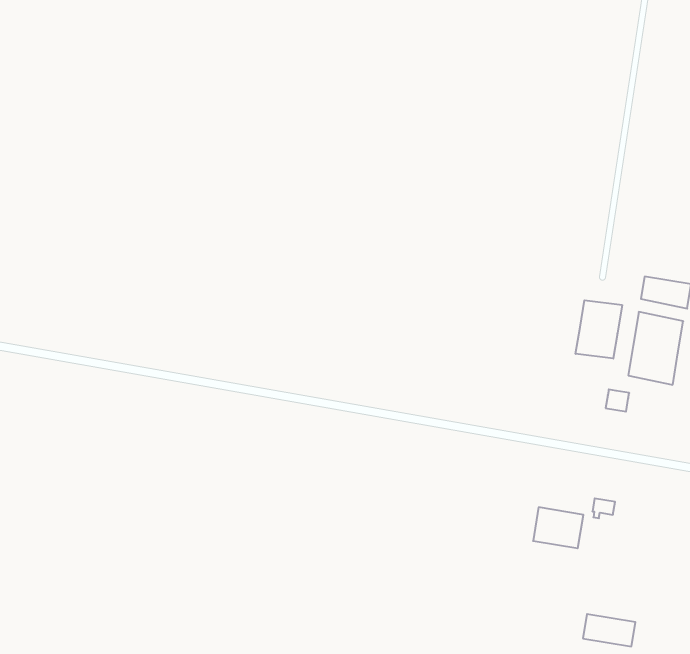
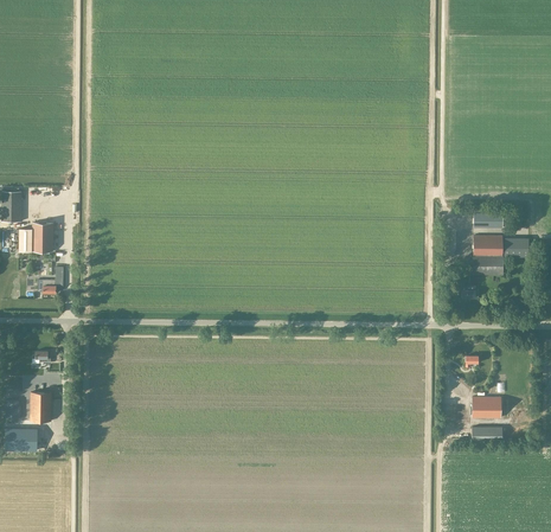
building: [576,300,622,359] -> none
building: [533,507,583,548] -> [473,396,501,417]

